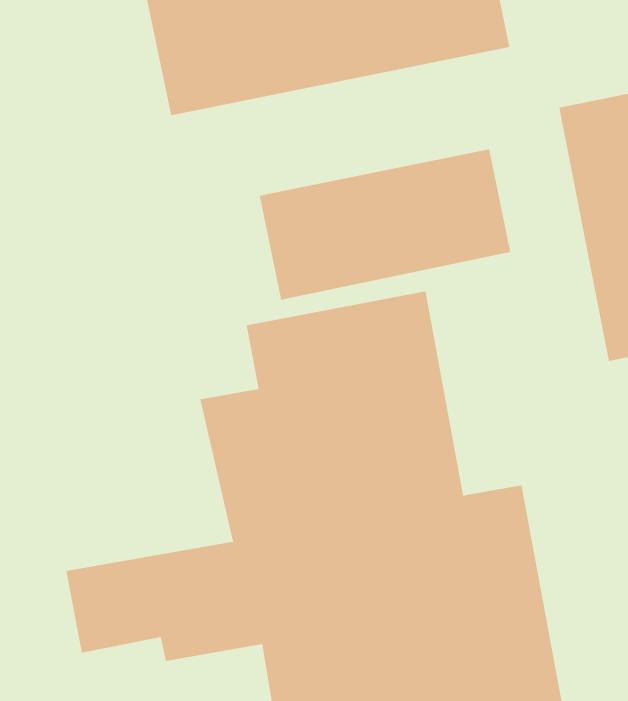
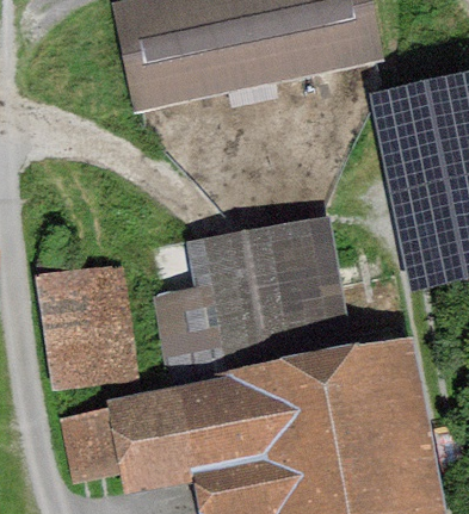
building: [259,148,511,300] -> none
building: none -> [33,259,147,389]

